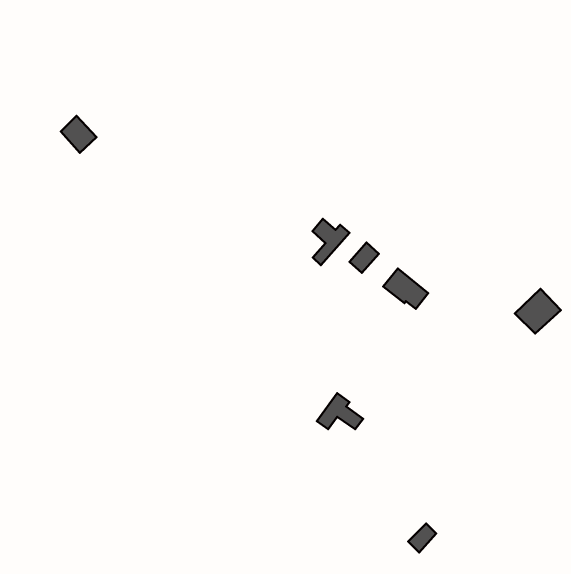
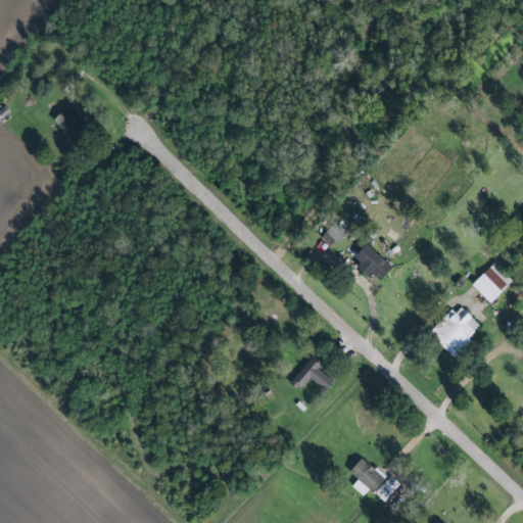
building: [312,219,350,265] -> none
building: none -> [429,304,481,356]
building: none -> [347,457,384,498]

